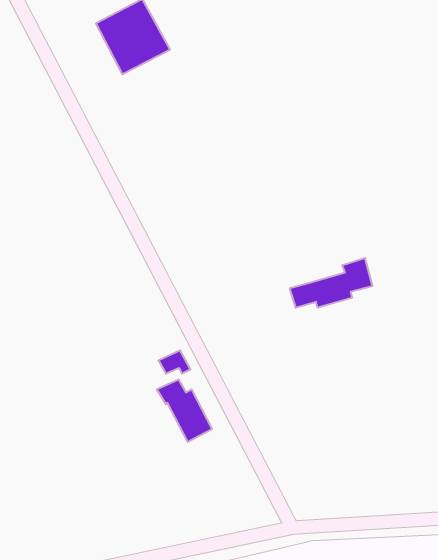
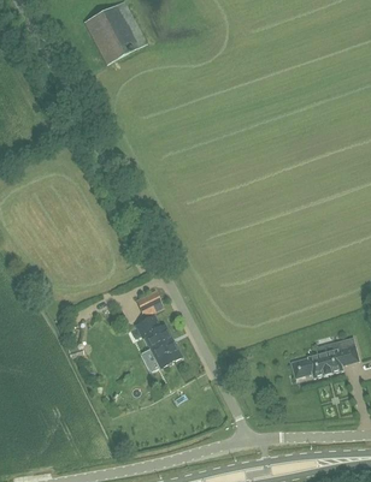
building: [290,258,373,308] -> [290,337,359,377]

